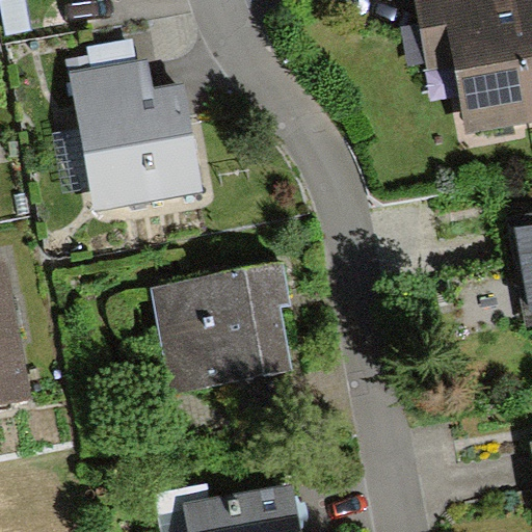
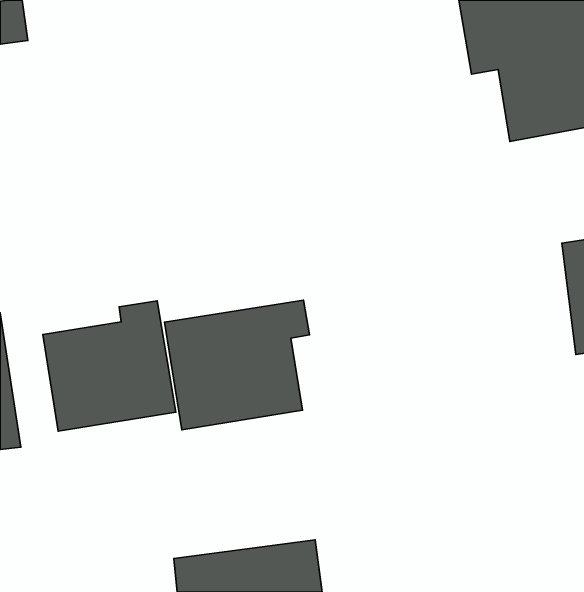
building: [77,61,198,207] -> none
building: none -> [43,301,176,431]

